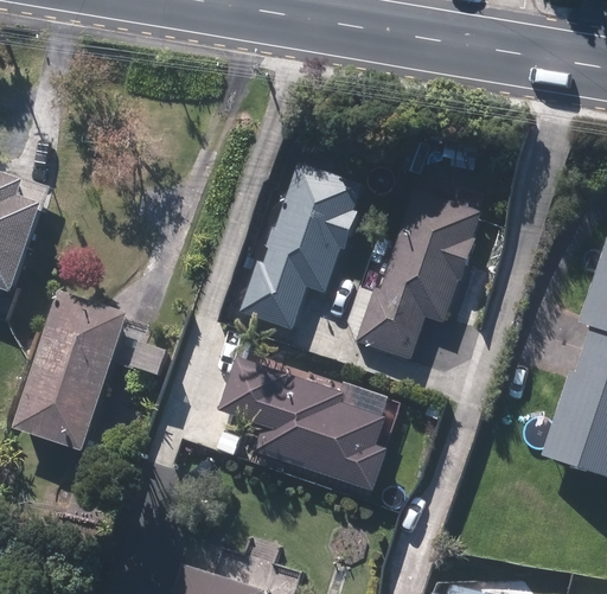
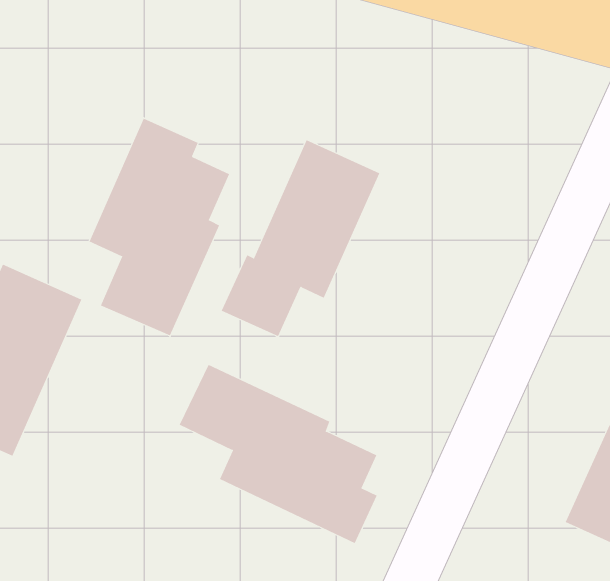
building: none -> [89,118,230,336]
building: [359,190,480,358] -> none

